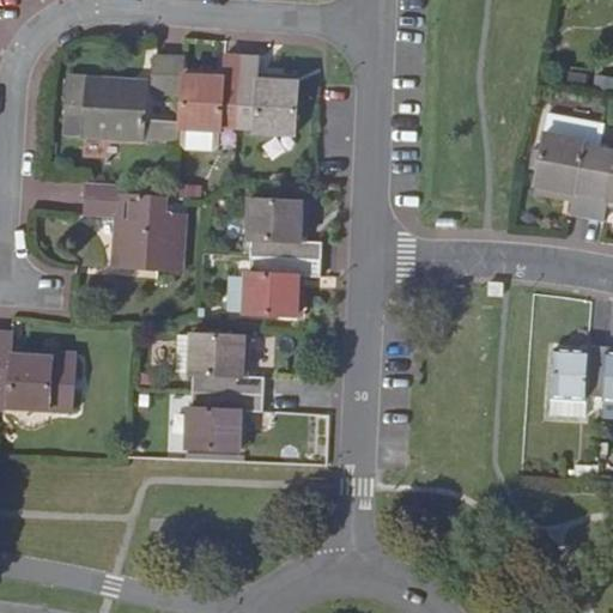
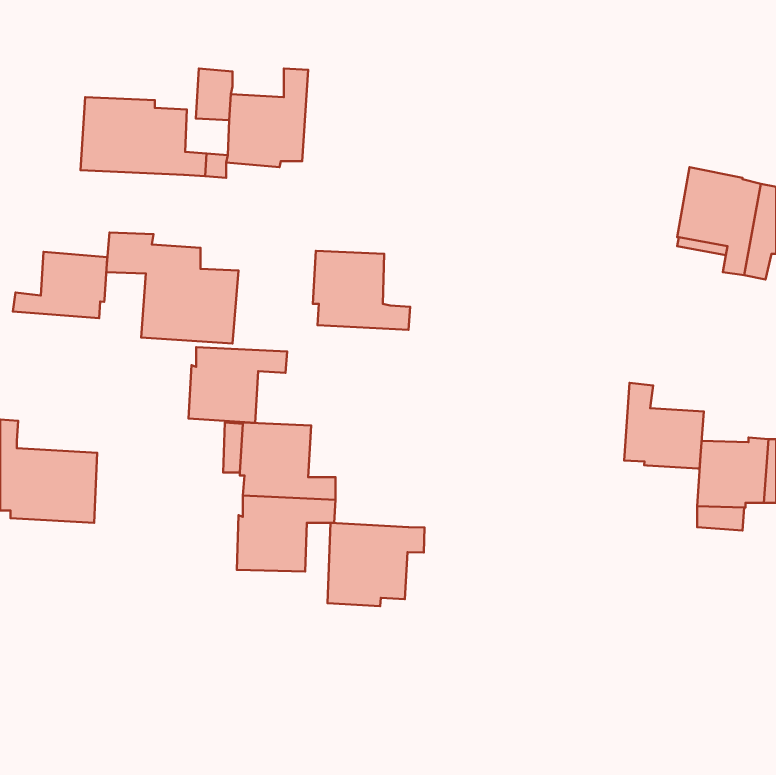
building: [238,55,298,135] -> none
building: none -> [13,252,107,318]
building: [244,256,322,316] -> [188,347,287,423]
building: none -> [624,383,704,469]
building: none -> [327,523,425,606]

